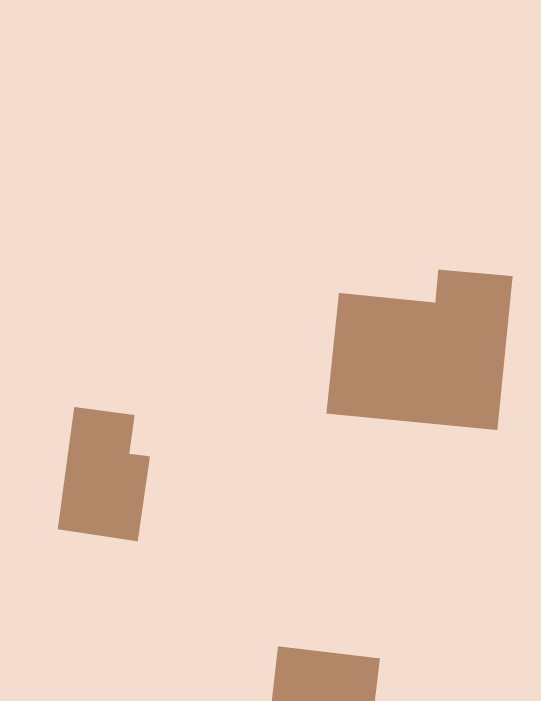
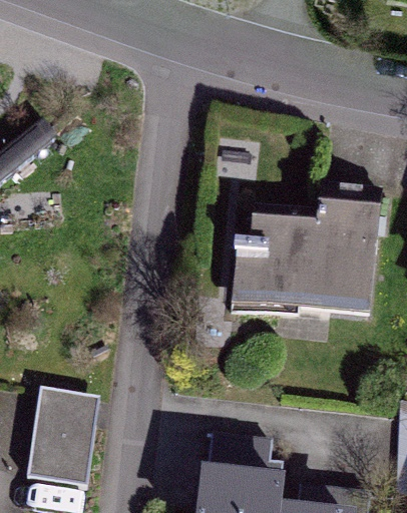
building: [57,407,151,542] -> [28,392,96,490]

